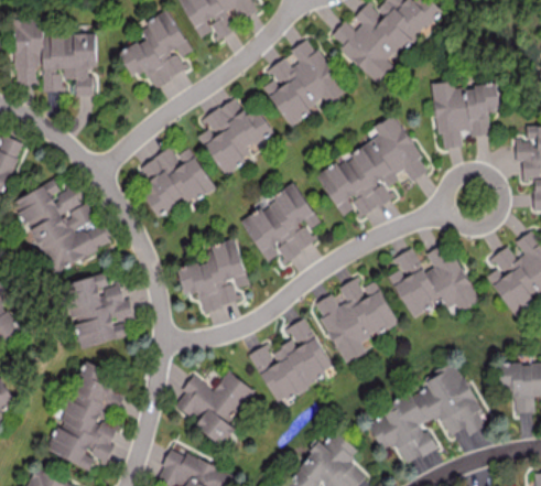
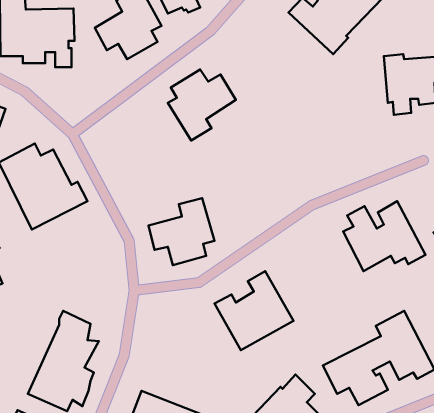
building: [263,37,346,127] -> none
building: [316,115,428,219] -> none
building: [140,148,215,217] -> none
building: [241,183,320,262] -> none
building: [64,273,132,348] -> none
building: [314,279,398,364] -> none
building: [174,371,255,445] -> none

